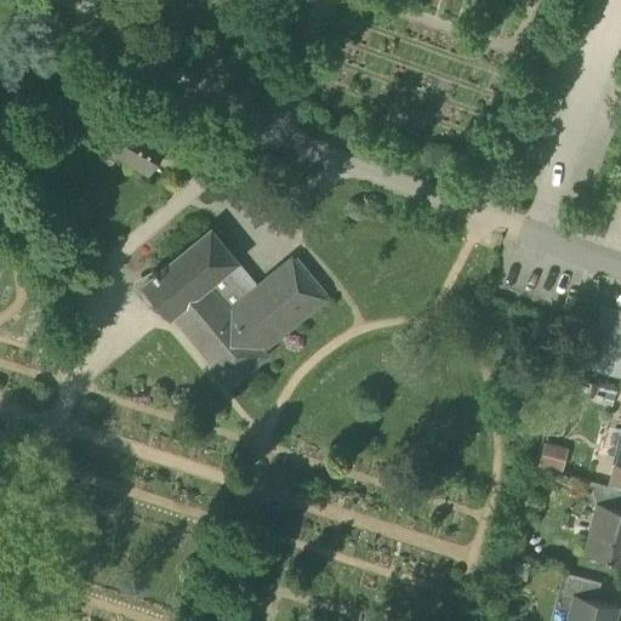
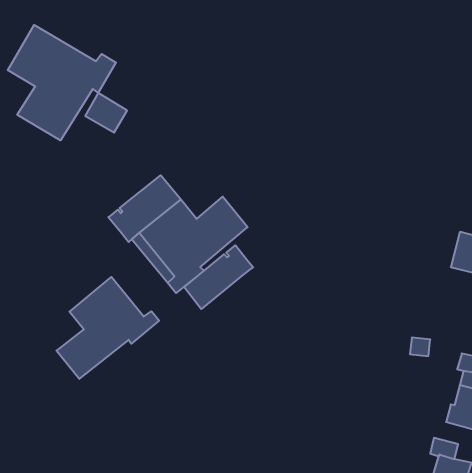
building: none -> [8,25,116,140]
building: none -> [184,245,253,309]
building: none -> [56,277,159,379]

